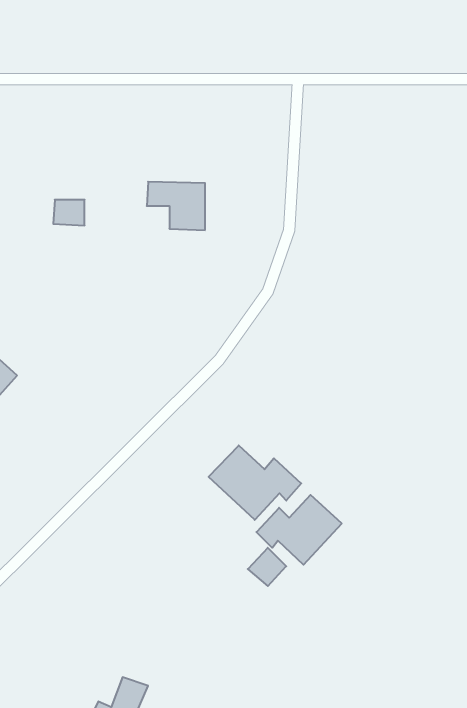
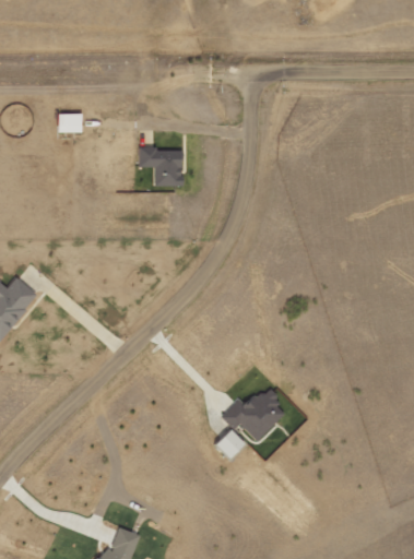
building: [53,200,85,225] -> [57,114,81,133]
building: [209,445,301,520] -> none

